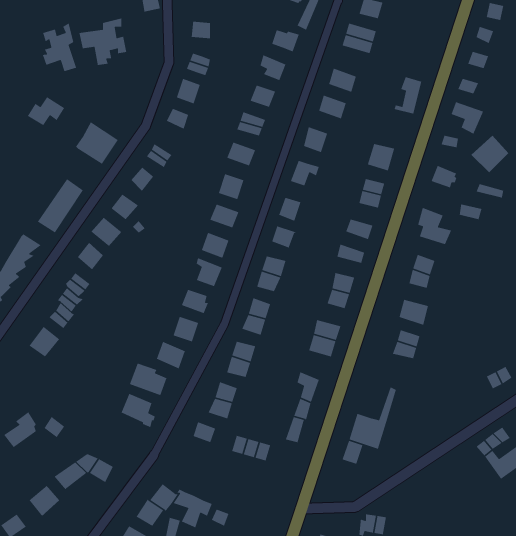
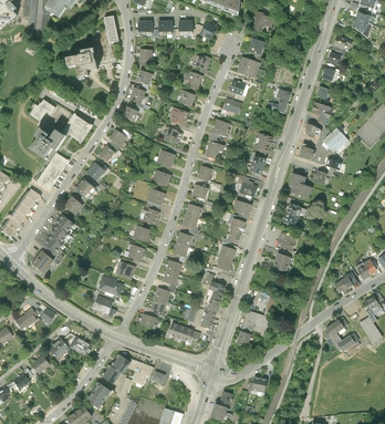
building: [42,22,77,72] -> none
building: none -> [30,126,64,157]

